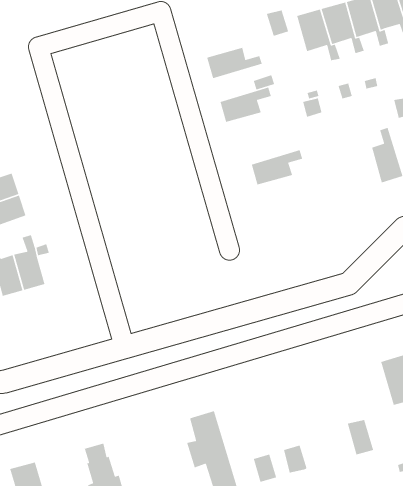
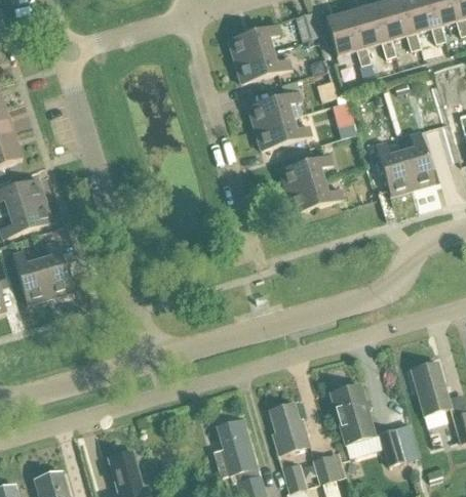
building: none -> [229,24,282,60]
building: none -> [255,117,312,150]
building: none -> [376,141,413,195]
building: none -> [286,180,344,213]
building: none -> [331,383,376,444]
building: none -> [270,402,310,453]

